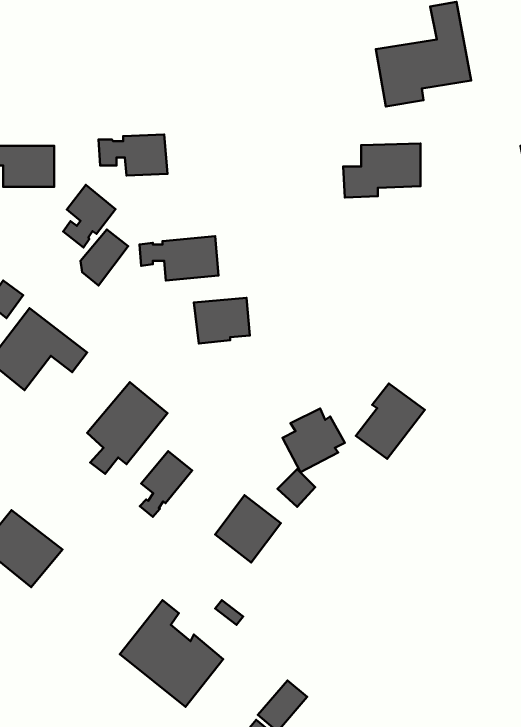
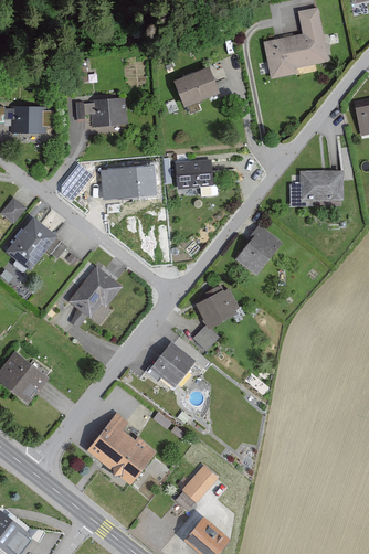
building: none -> [170,67,214,108]
building: [343,144,420,198] -> [287,170,339,206]
building: [63,185,115,247] -> none
building: [194,298,250,344] -> [173,159,211,190]
building: [356,383,425,459] -> [234,223,281,274]
building: [140,451,192,517] -> none

